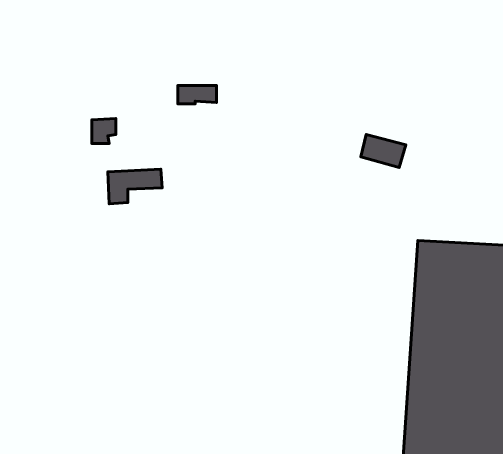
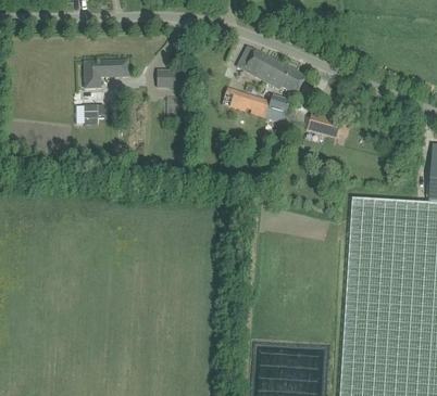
building: none -> [237,47,305,94]
building: none -> [222,88,289,124]
building: [108,169,162,204] -> [84,61,128,89]

